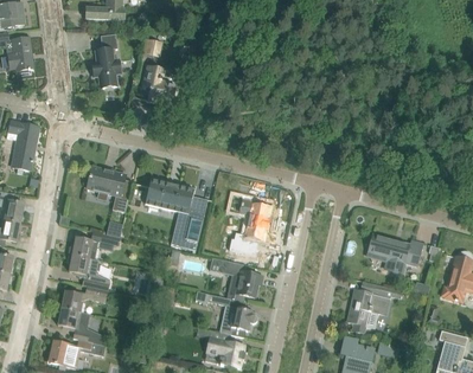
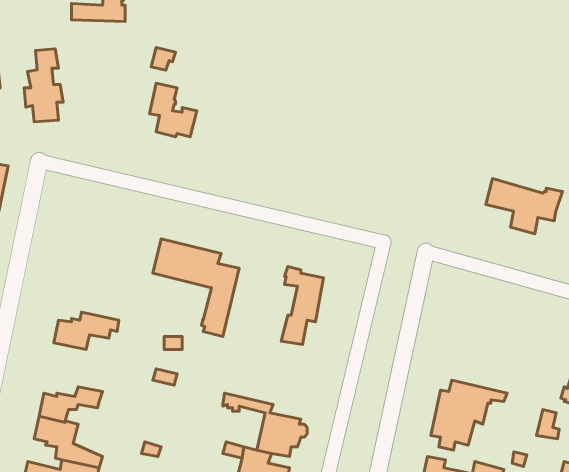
building: [91,33,120,86] -> [24,49,63,122]
building: [85,165,132,211] -> none
building: [366,232,422,272] -> [486,179,562,234]
building: [66,252,108,289] -> none
building: [209,256,260,300] -> none

